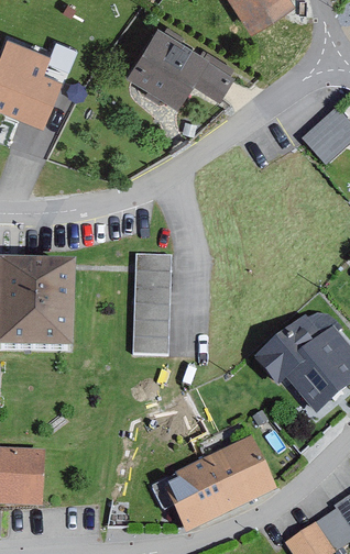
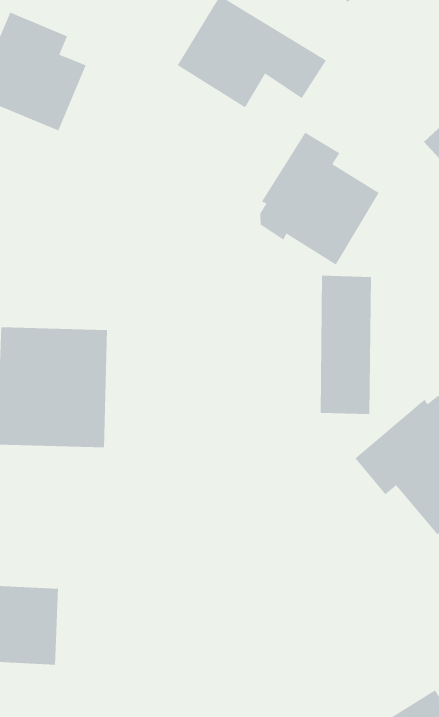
building: none -> [260,132,380,265]
building: [132,255,169,355] -> [320,275,372,415]
building: [167,437,274,530] -> none

